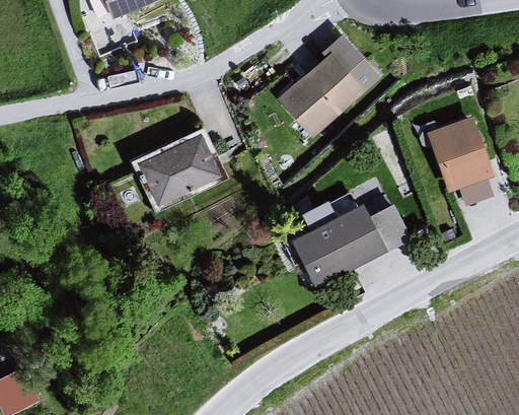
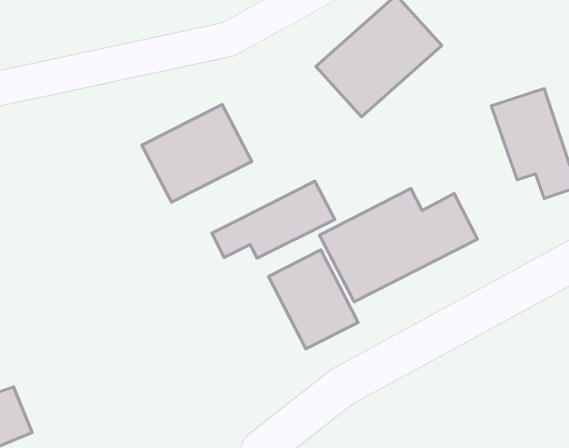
building: none -> [212,181,335,258]
building: none -> [269,250,358,349]

